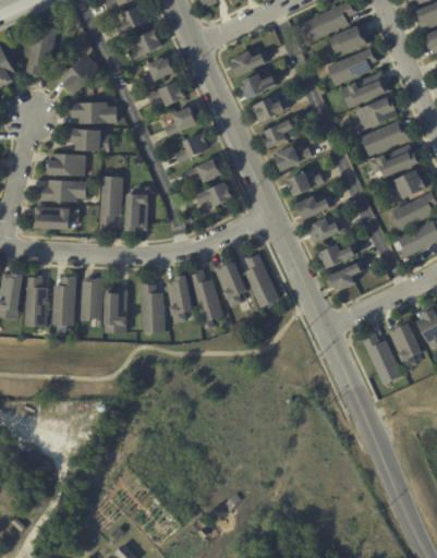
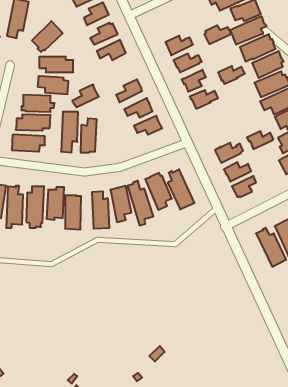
building: [231,50,267,75] -> [204,25,231,44]
building: [163,105,199,135] -> [72,85,99,107]
building: [286,171,321,195] -> [218,66,245,84]
building: [295,195,331,219] -> [247,131,273,149]

